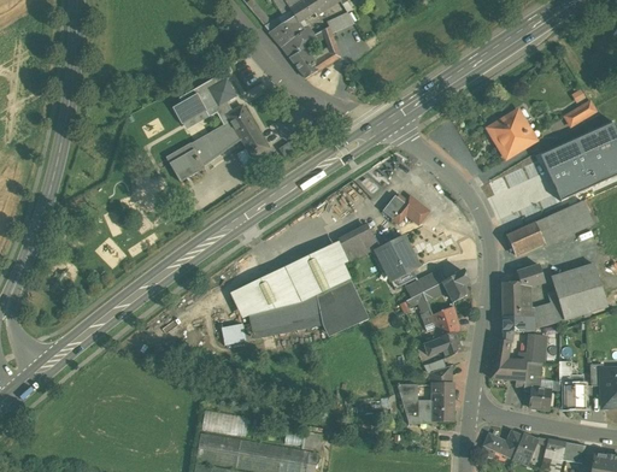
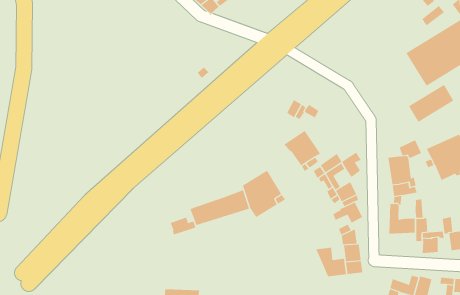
building: [166,72,268,181] -> none
building: [488,110,531,158] -> none
building: [506,222,543,254] -> none
building: [341,228,377,259] -> none
building: [237,248,351,314] -> none
building: [531,301,564,328] -> none

